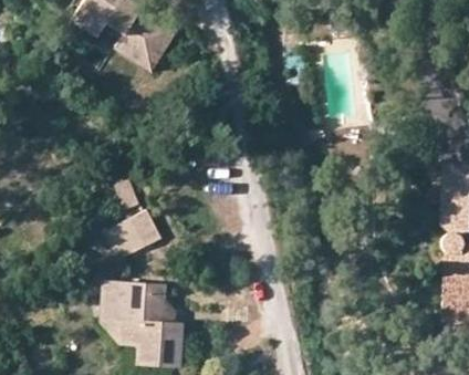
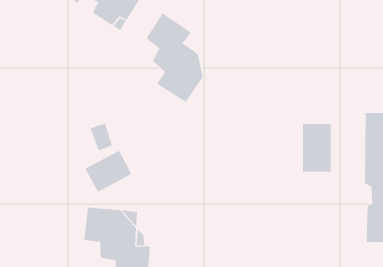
building: none -> [146,12,203,103]
building: none -> [303,123,331,173]

